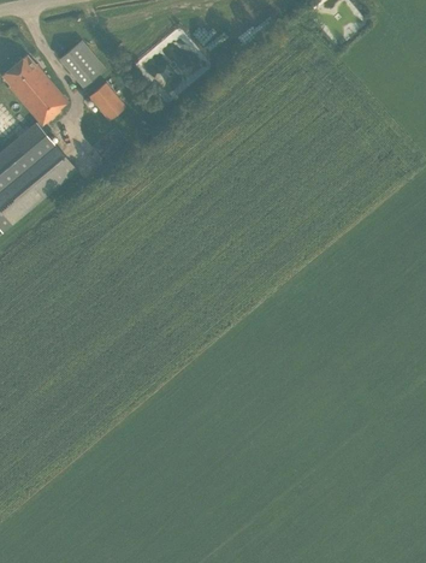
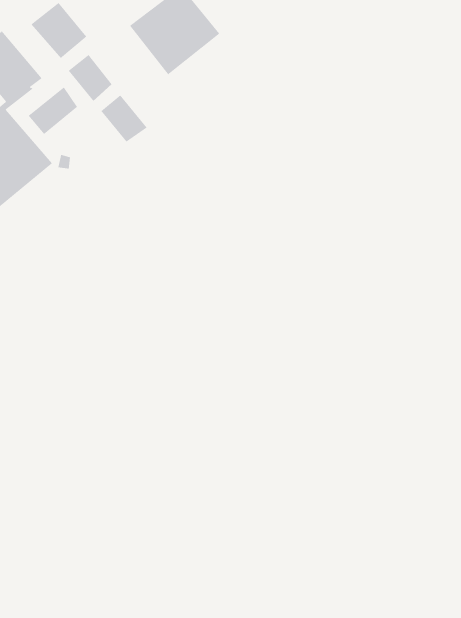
building: none -> [28,87,78,135]
building: none -> [100,94,147,143]

